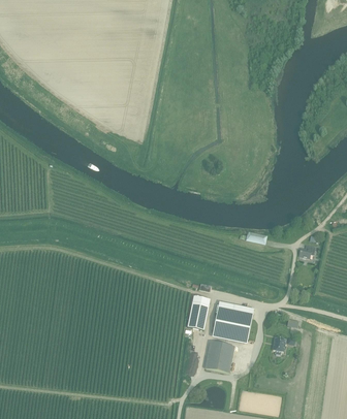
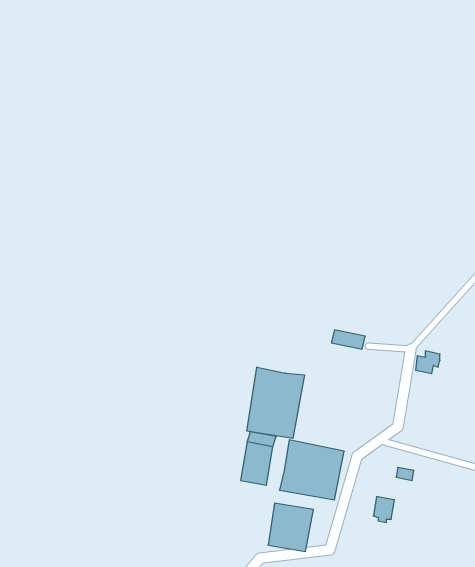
building: none -> [247,367,304,438]

